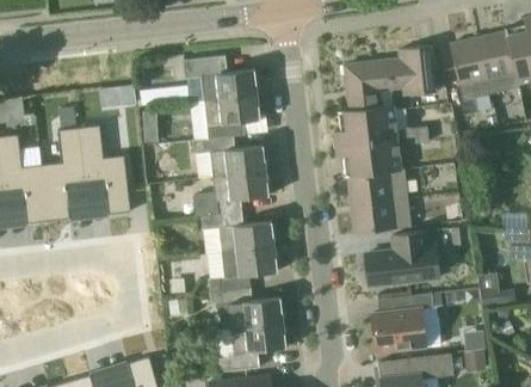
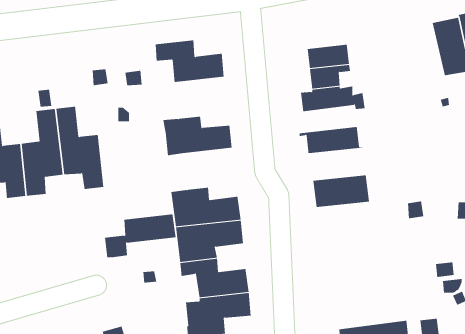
building: [450,37,490,100] -> none
building: [388,45,436,96] -> none
building: [204,94,261,139] -> none
building: [334,124,430,154] -> none
building: [193,170,270,216] -> [104,214,176,258]
building: [347,170,408,204] -> none
building: [365,231,439,285] -> none
building: [371,293,440,352] -> none

